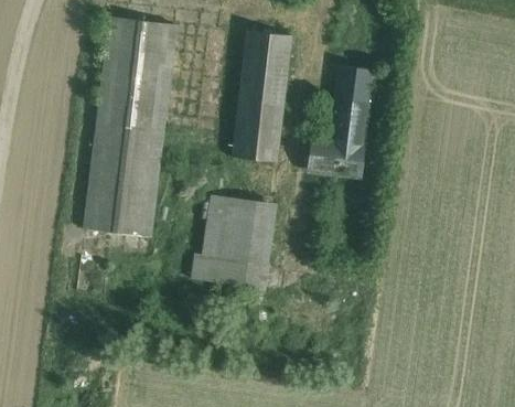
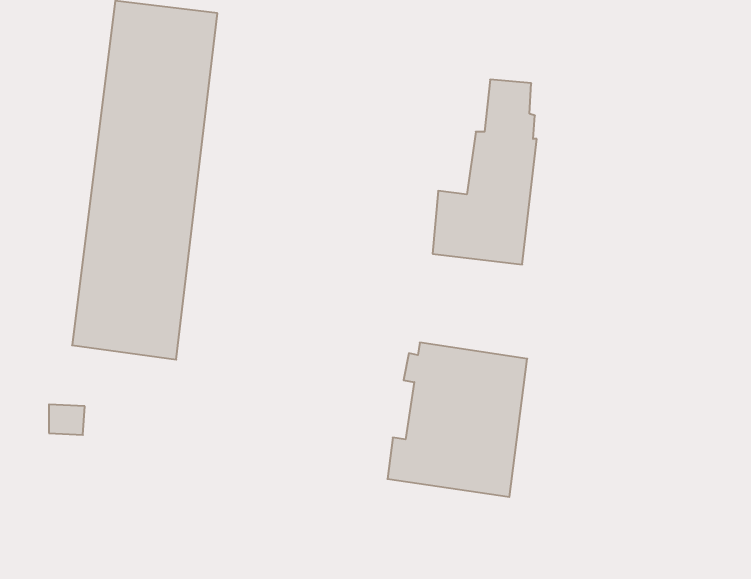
building: [233,31,291,162] -> none
building: [190,194,276,289] -> [387,343,527,497]

